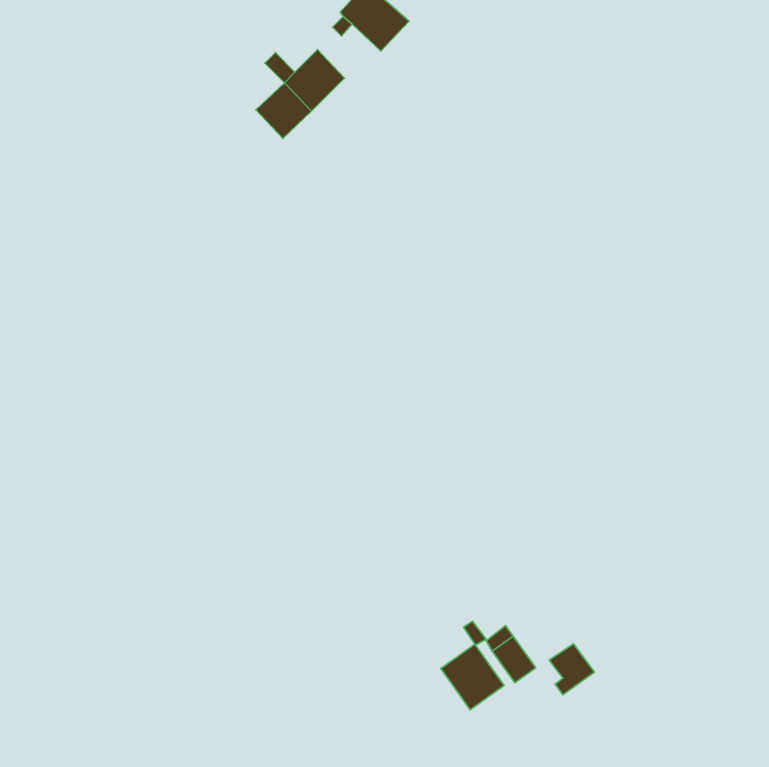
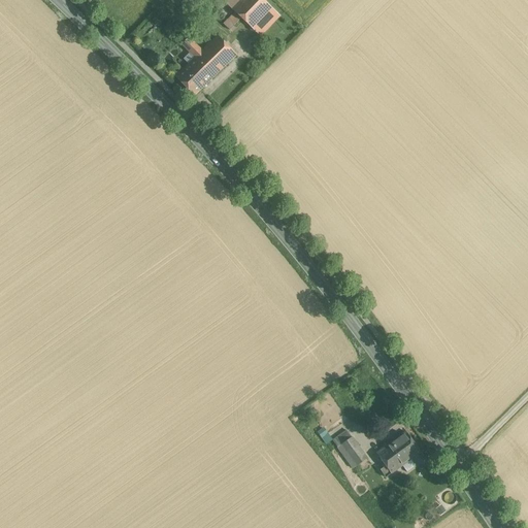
building: none -> [393,431,421,461]
building: [441,644,504,710] -> none

